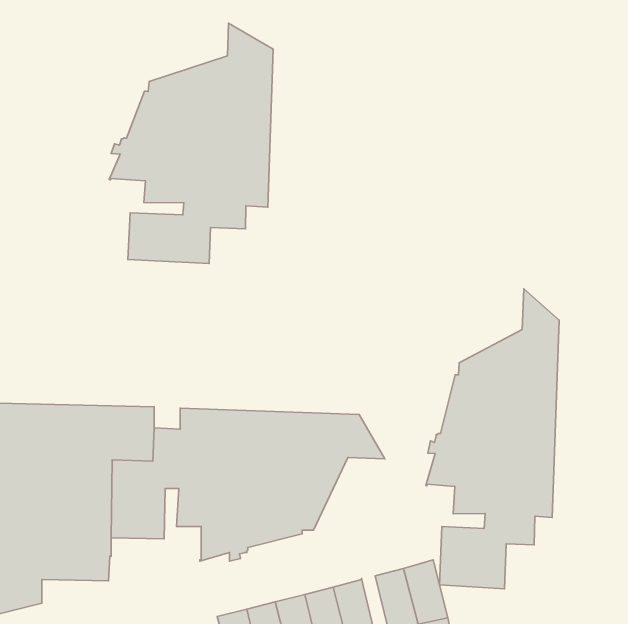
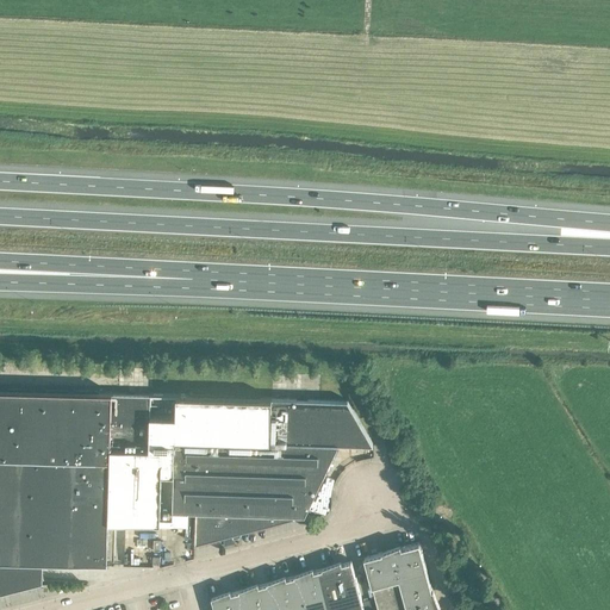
building: [109,23,273,264] -> none
building: [426,289,559,589] -> none

